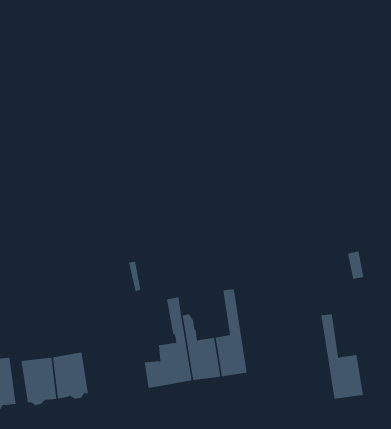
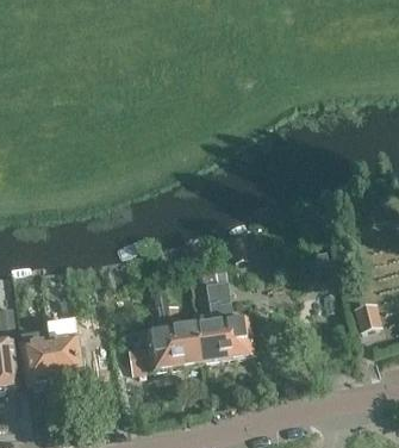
building: [321,314,364,399] -> [214,280,254,357]

